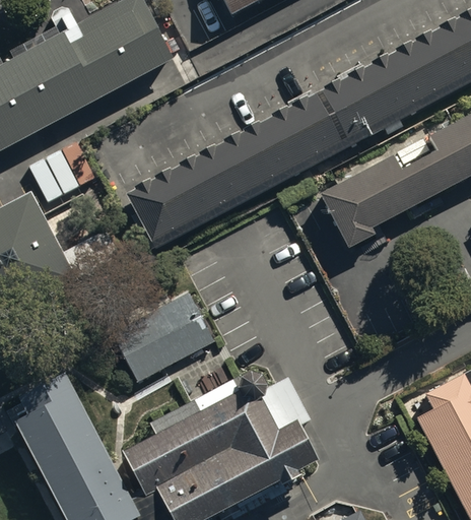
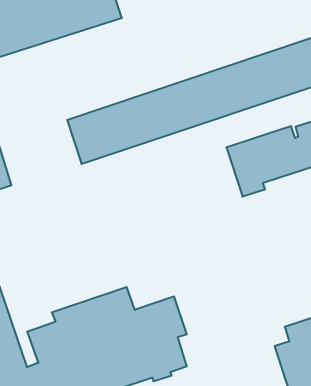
building: [115,296,214,383] -> none

